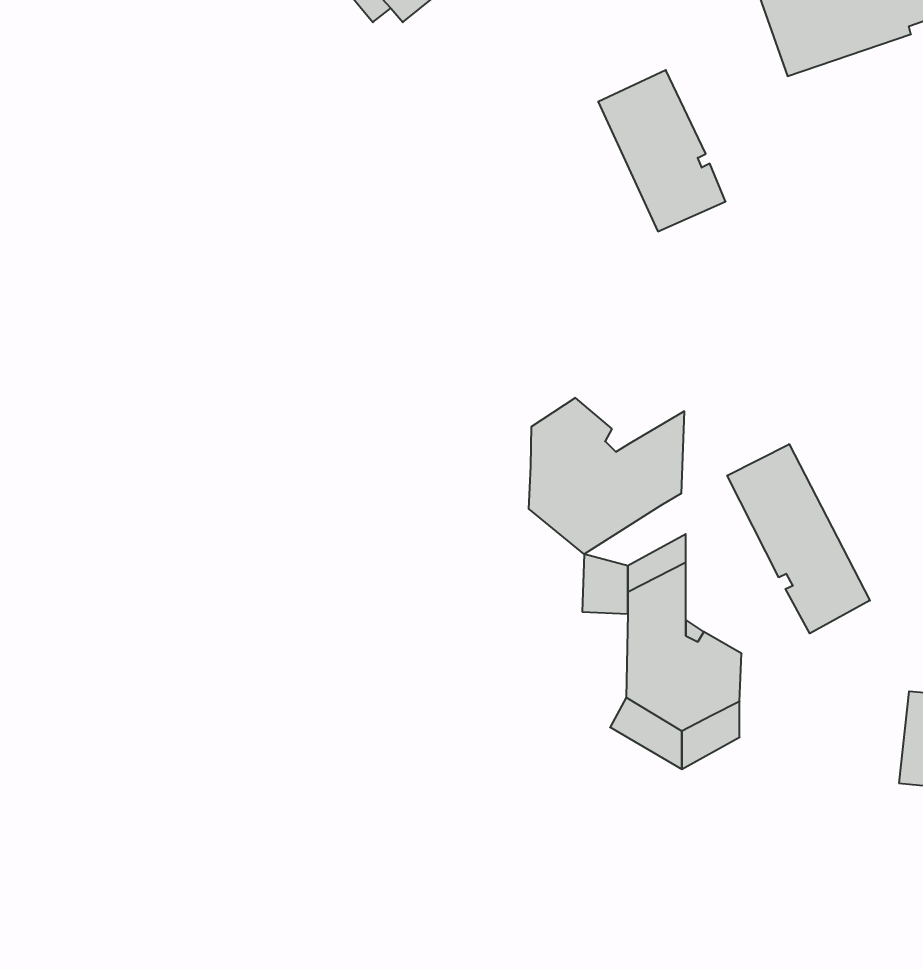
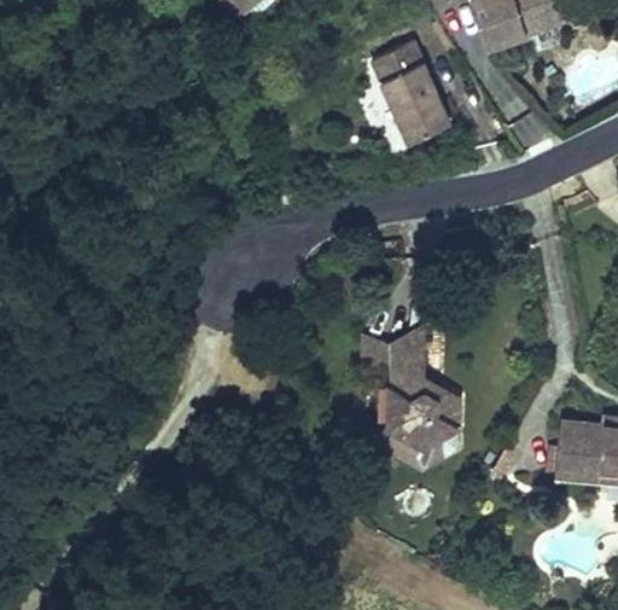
building: [529,398,684,554] -> none
building: [727,444,870,633] -> none

